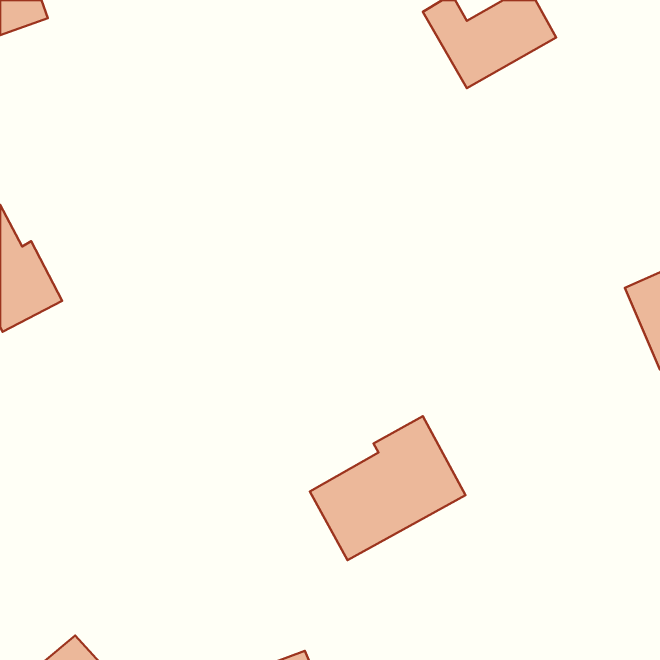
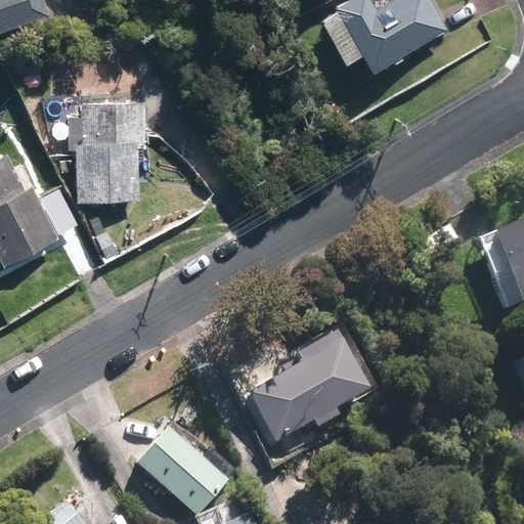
building: none -> [76,108,137,200]
building: none -> [136,429,223,509]

